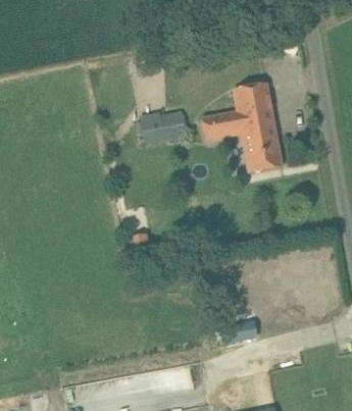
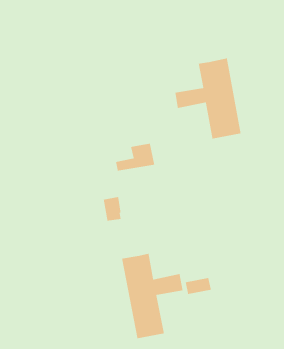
building: [142,110,186,142] -> [115,143,155,172]
building: none -> [121,253,184,339]

